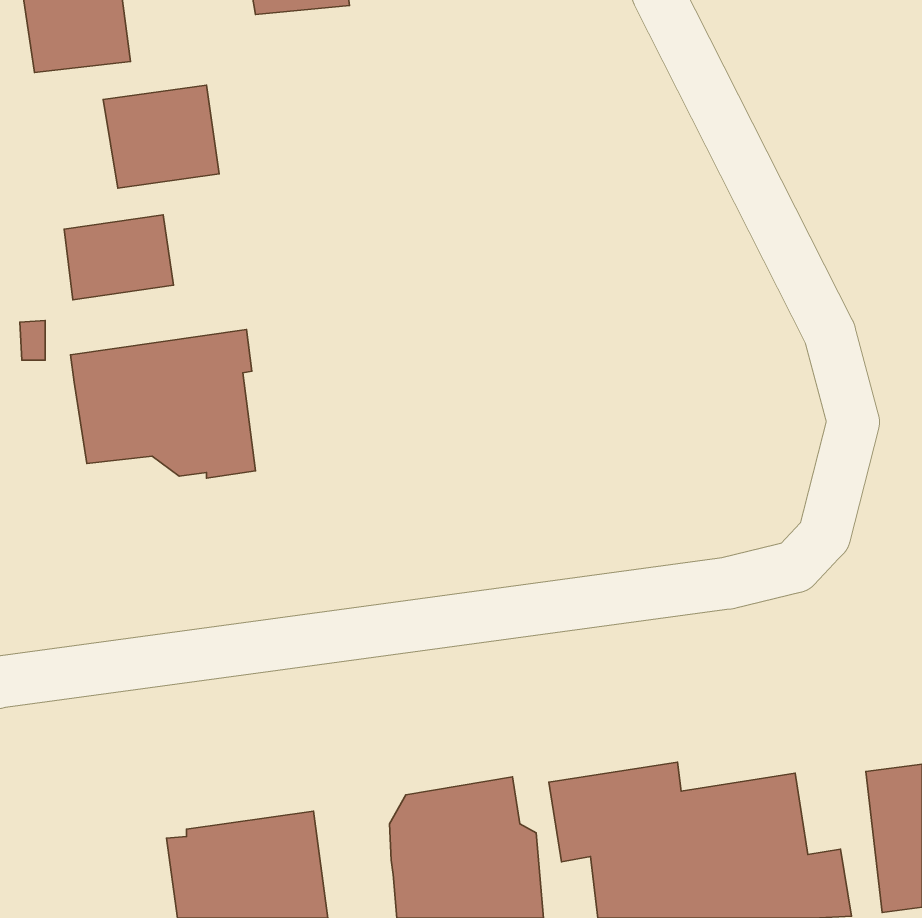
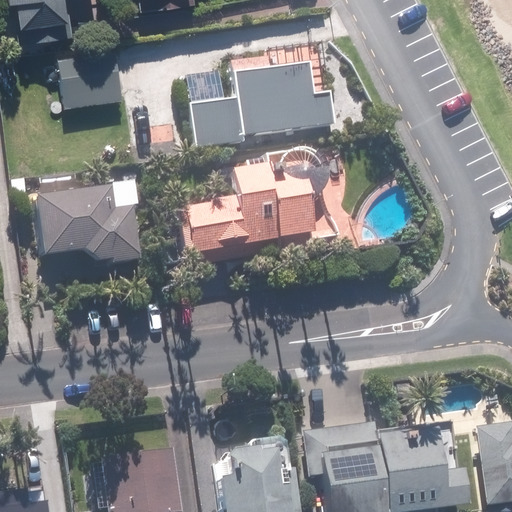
building: none -> [189,63,335,148]
building: [64,215,173,300] -> none
building: none -> [171,149,332,264]

